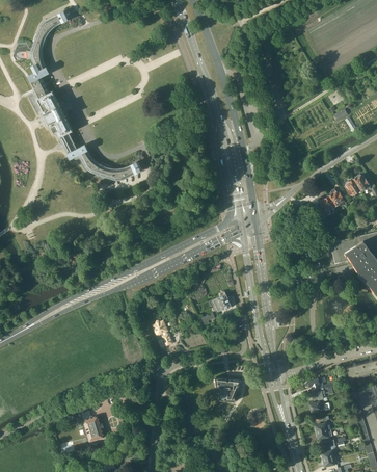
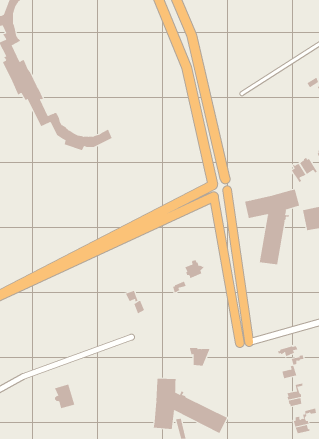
building: none -> [244,189,300,265]
building: none -> [153,378,228,434]

